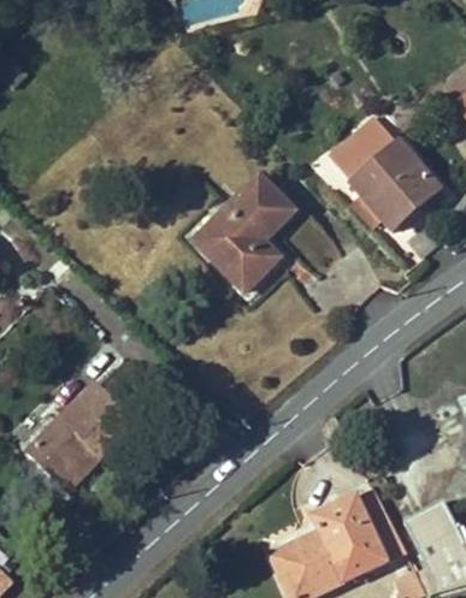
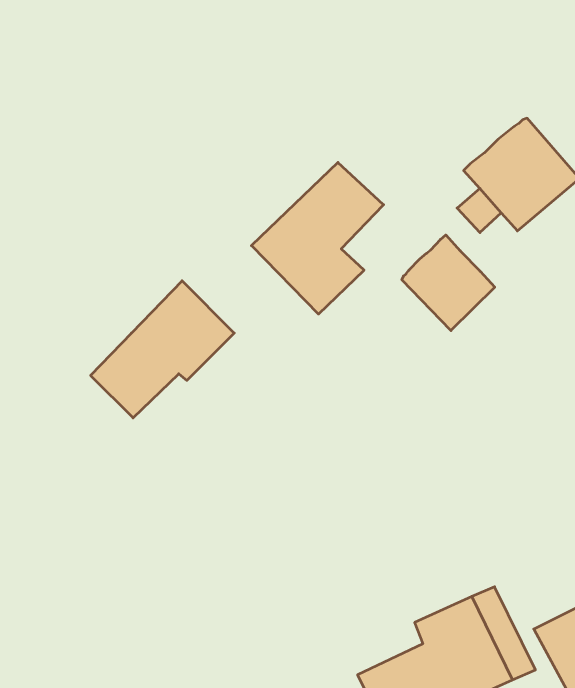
building: [332,118,391,179] -> none
building: none -> [402,235,495,331]
building: [26,383,132,484] -> [91,281,234,418]

